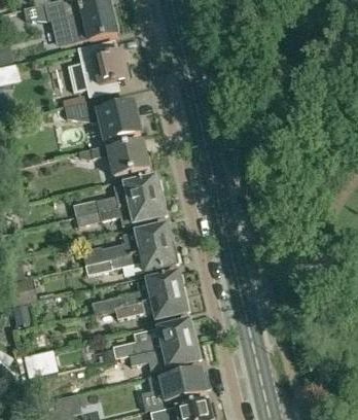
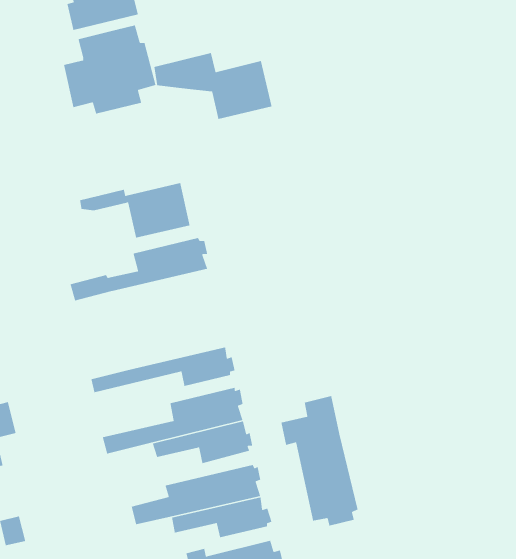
building: [64,97,140,140] -> [153,52,273,120]
building: [75,196,168,227] -> none
building: [81,223,172,266] -> none
building: none -> [280,395,358,527]

